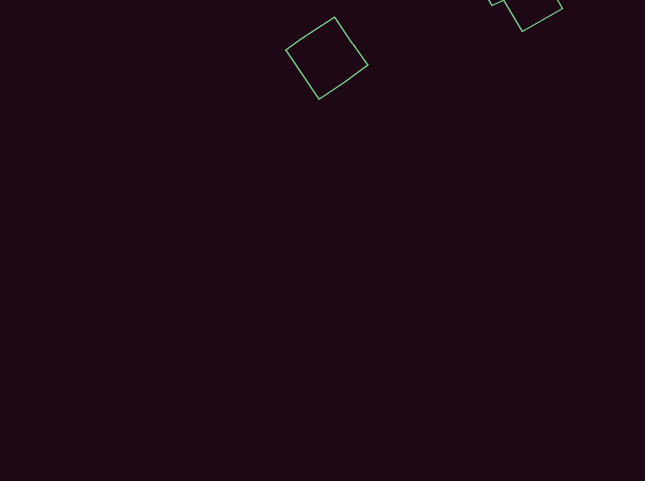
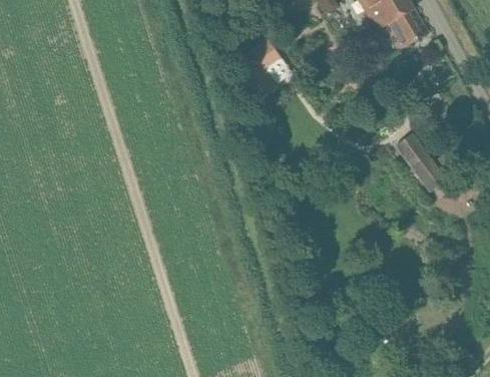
building: none -> [395,133,447,191]

